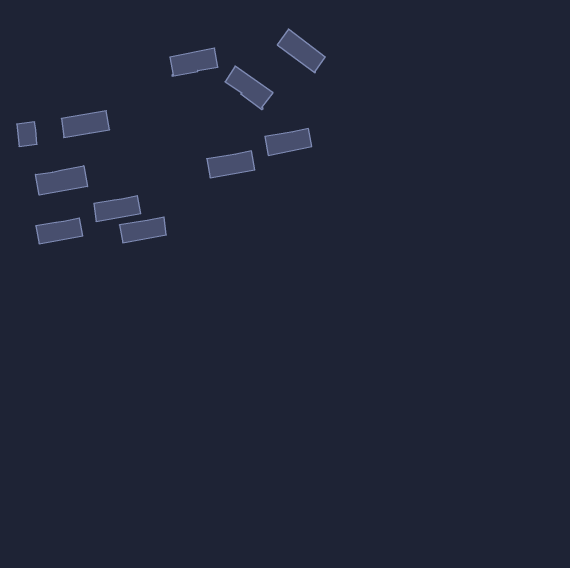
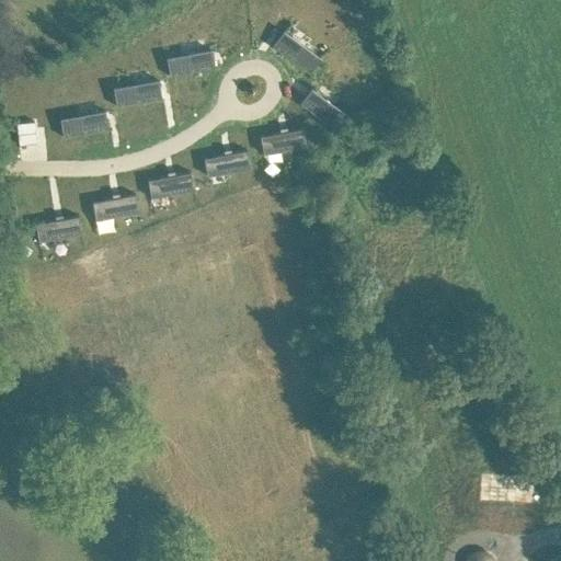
building: [225,66,273,110] -> [301,90,348,133]
building: none -> [114,81,162,107]
building: [36,166,87,195] -> none
building: [119,217,166,243] -> [148,173,194,198]

